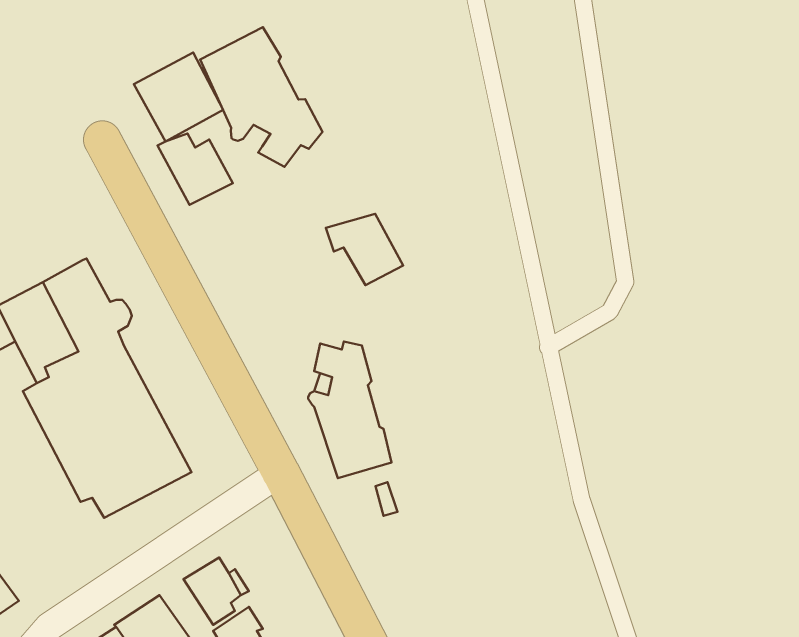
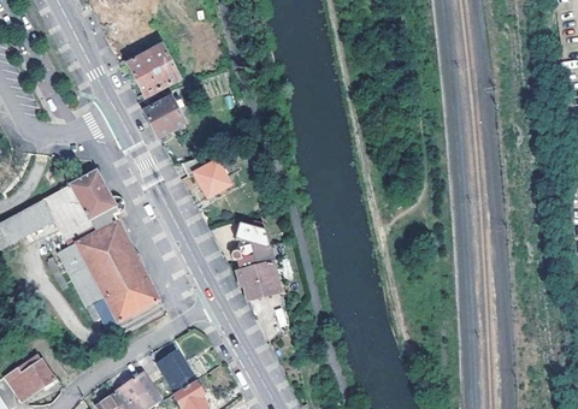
building: [200,27,323,167] -> none
building: [326,214,403,285] -> [184,154,231,197]

